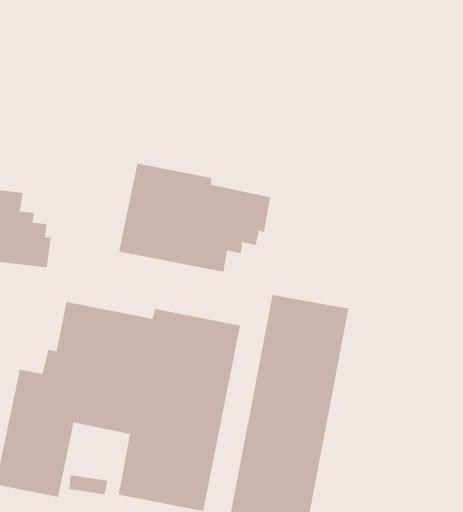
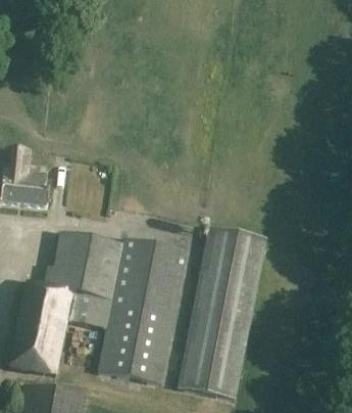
building: [118,163,271,273] -> none

